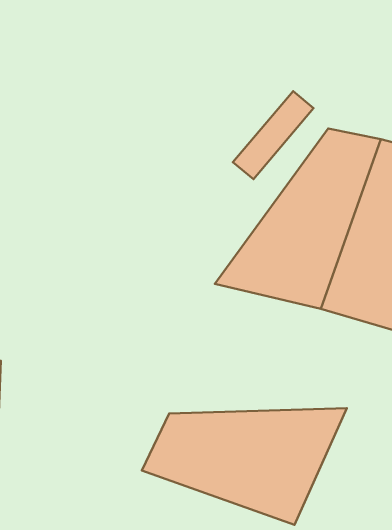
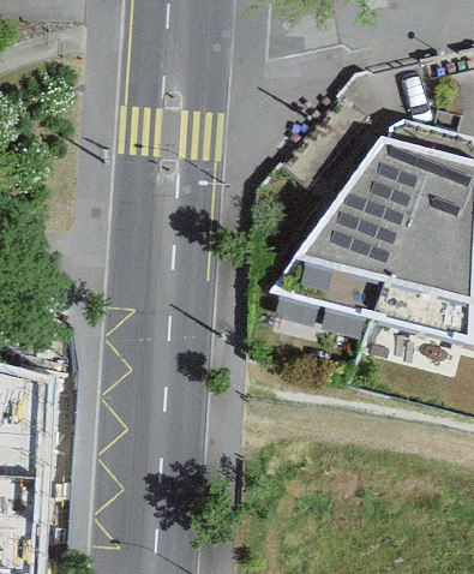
building: [142,408,347,525] -> none

